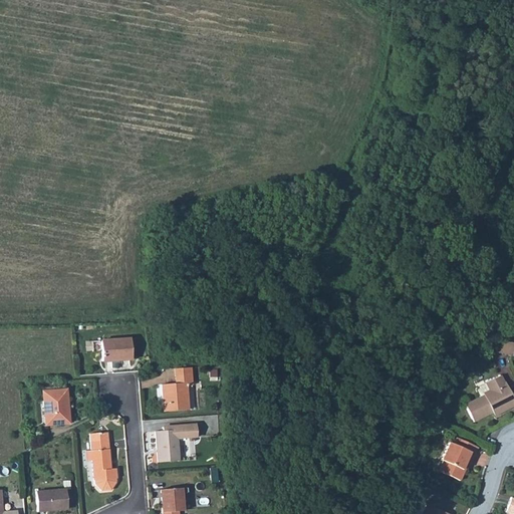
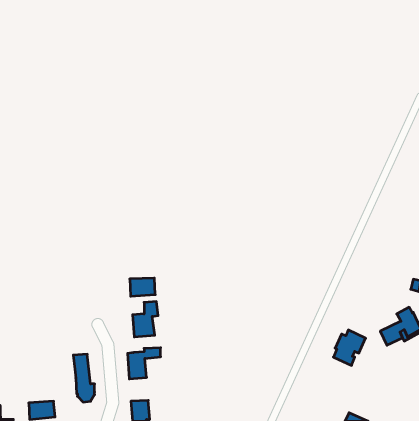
building: [102,338,134,360] -> [130,278,155,296]
building: [44,390,70,424] -> none
building: [440,437,479,480] -> [333,330,366,365]

